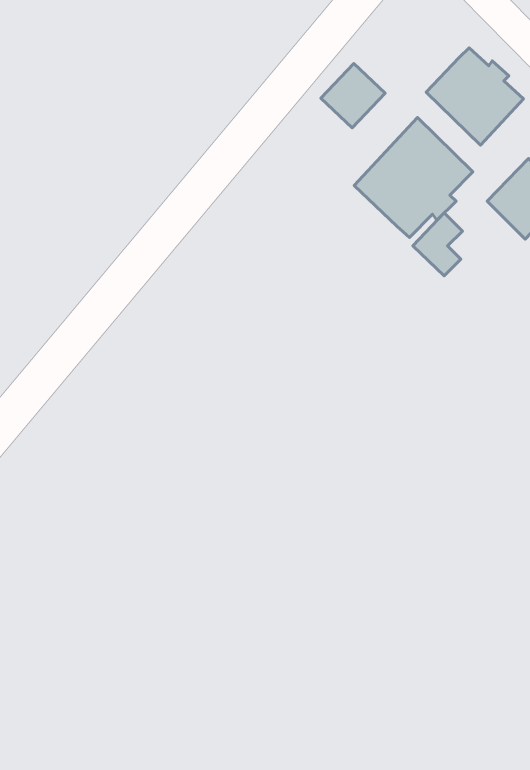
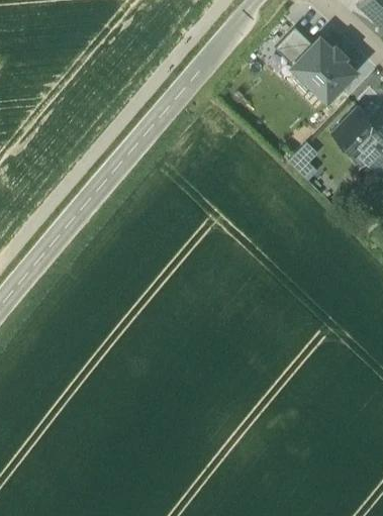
building: [321,64,385,128] -> [276,28,315,68]
building: [354,118,473,238] -> none

